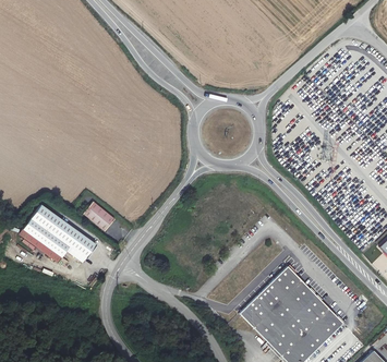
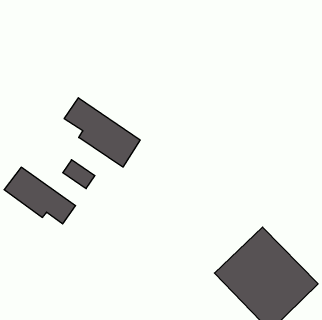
building: none -> [64,98,140,167]

